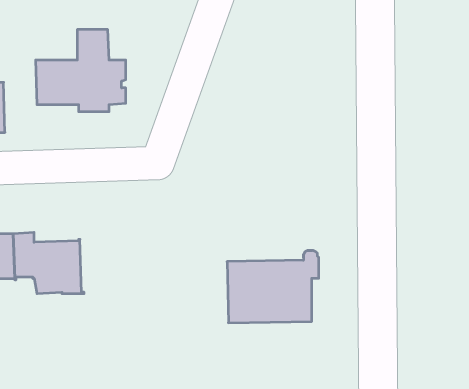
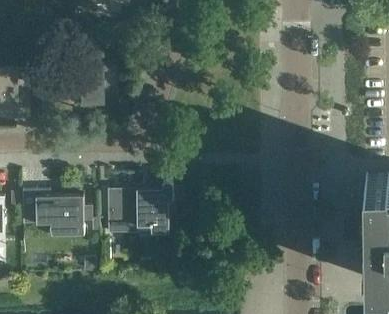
building: [227,251,319,323] -> [107,183,173,235]

